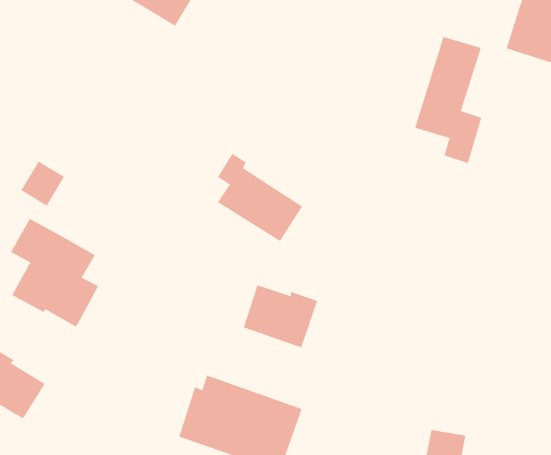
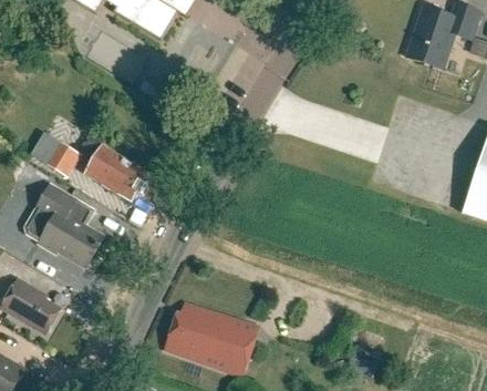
building: [414,36,482,164] -> none
building: [217,153,303,242] -> [82,134,146,200]
building: [243,285,318,348] -> none

